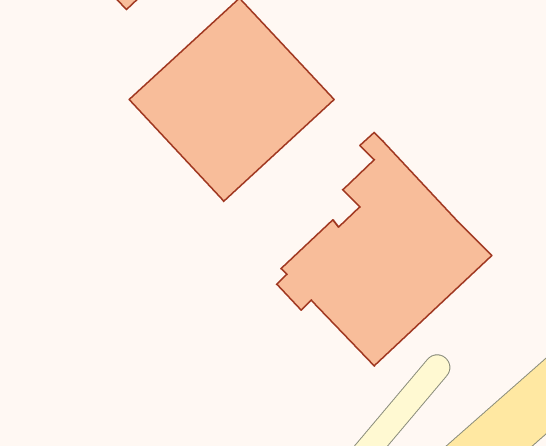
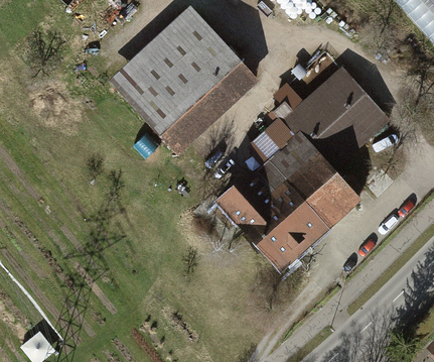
building: none -> [291,66,390,165]

